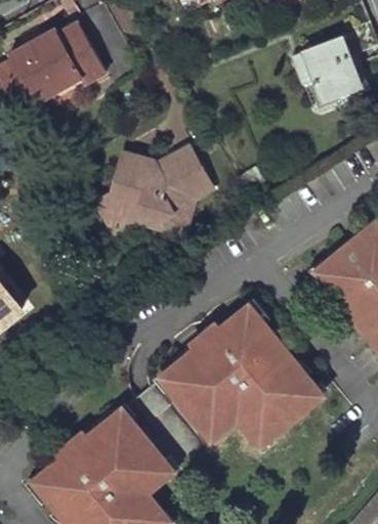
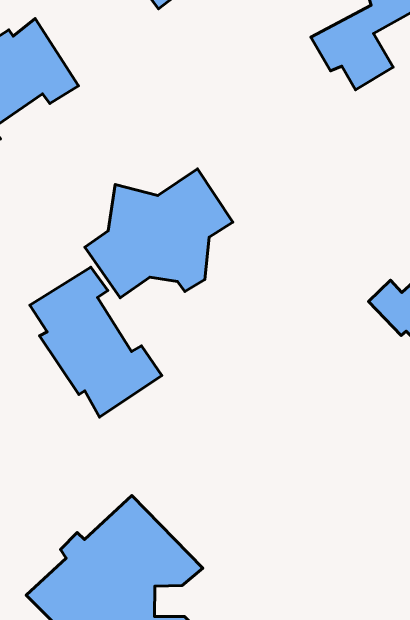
building: none -> [30,267,162,417]
building: [160,300,318,441] -> none

